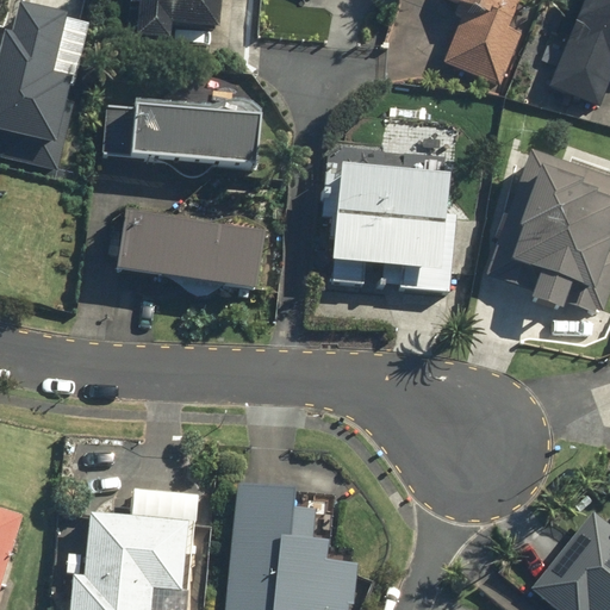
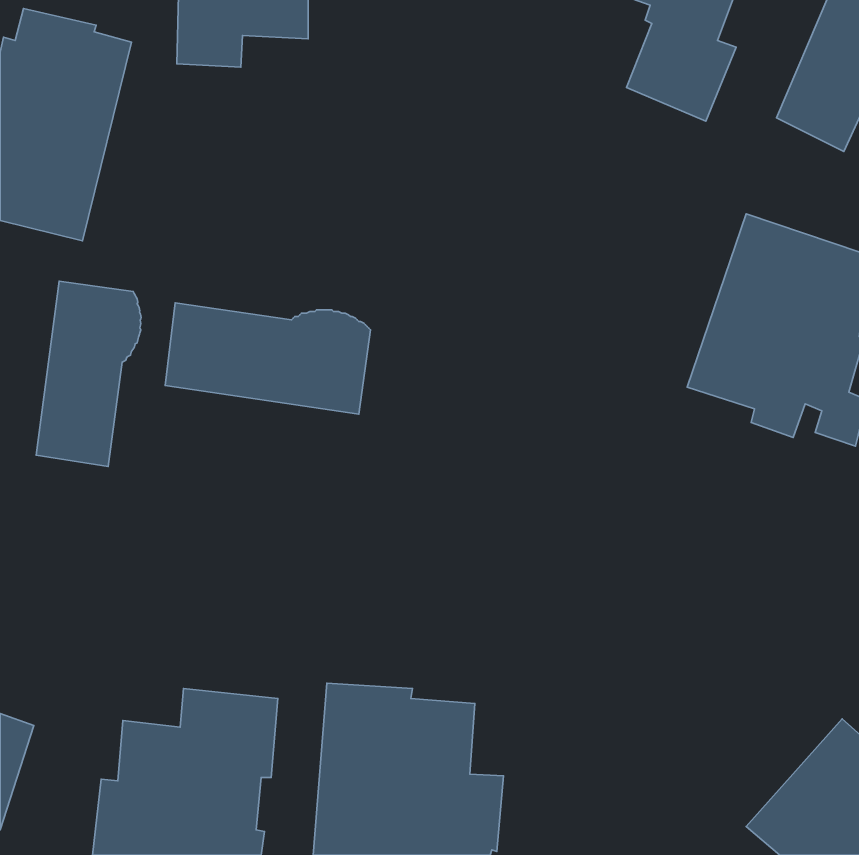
building: [102,99,261,170] -> none
building: [318,142,459,297] -> none
building: none -> [36,281,141,466]

